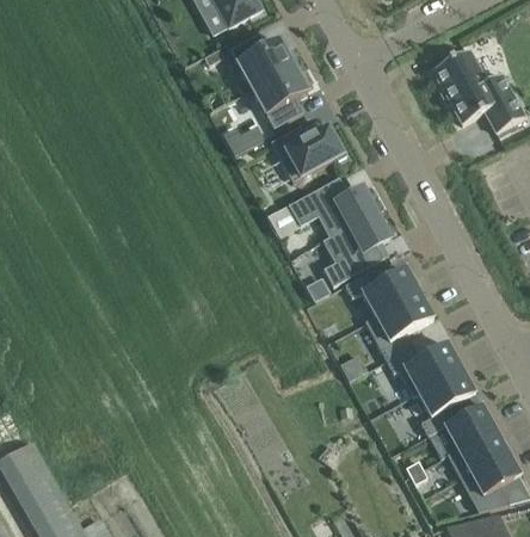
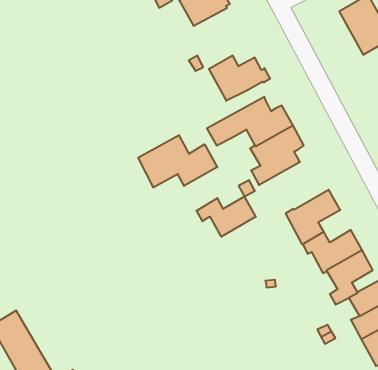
building: [252,64,309,129] -> none
building: none -> [138,135,217,188]
building: [346,266,420,316] -> [196,196,256,237]

